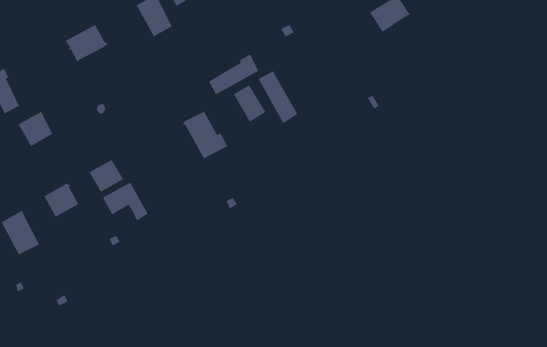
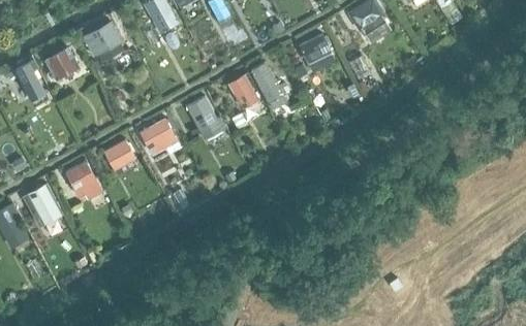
building: none -> [301,35,336,64]
building: [208,53,259,95] -> none
building: [18,111,53,147] -> [43,47,74,78]
building: [102,182,148,221] -> [141,120,181,154]

